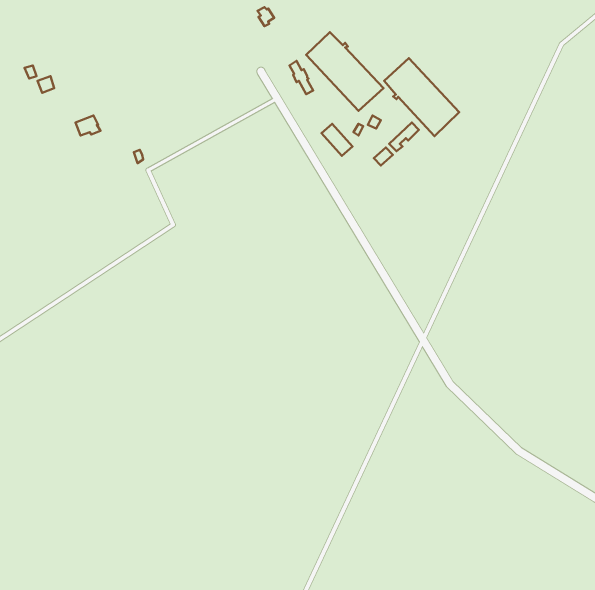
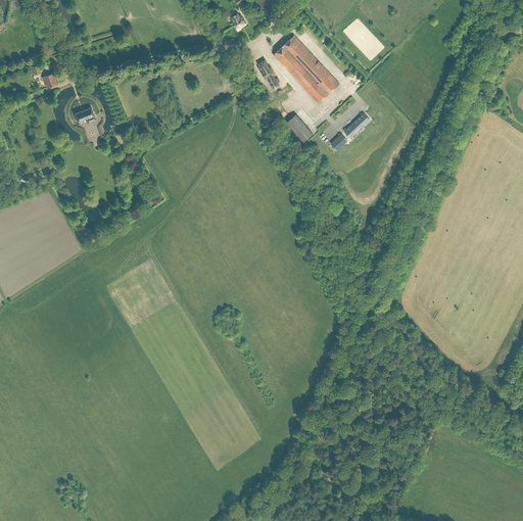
building: [384,58,459,136] -> none

